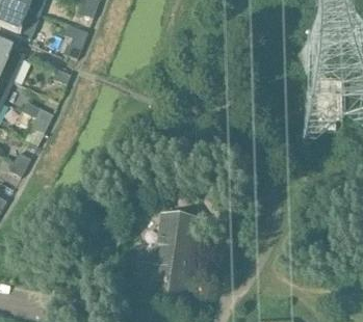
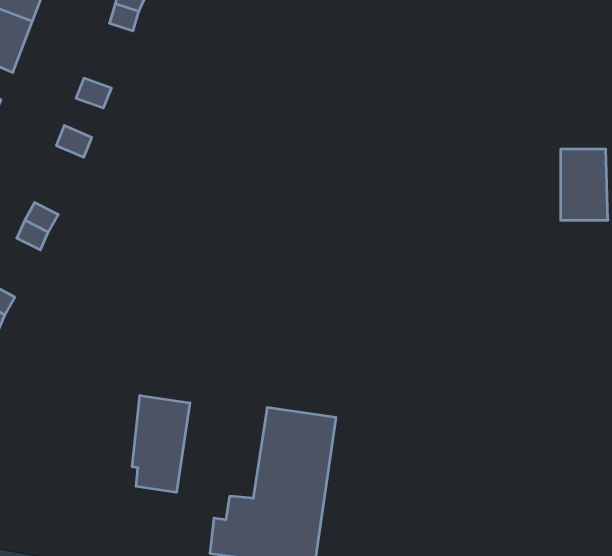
building: none -> [132,395,190,492]

